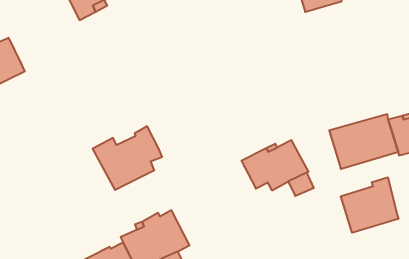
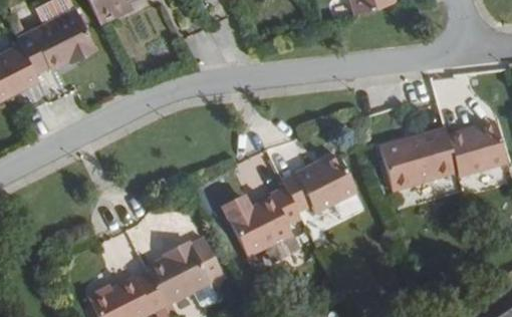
building: none -> [17,7,97,72]
building: [93,126,162,190] -> [224,188,302,259]
building: [341,177,398,233] -> none

